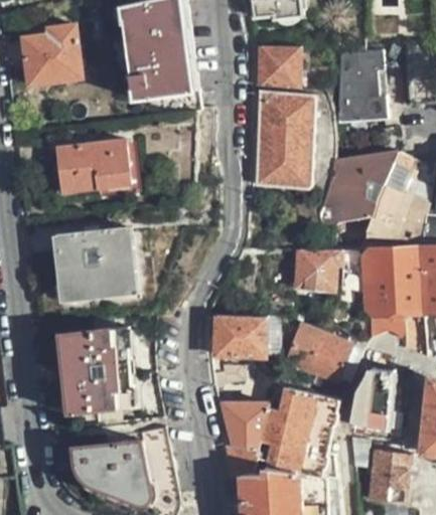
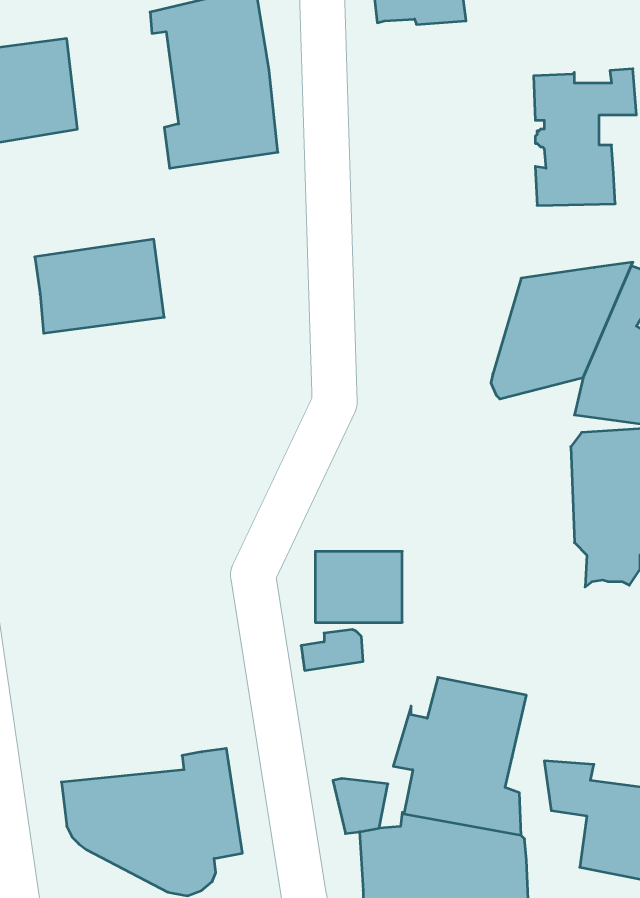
building: [256,46,299,89] -> none
building: [255,93,313,188] -> none
building: [58,229,132,299] -> none
building: [295,249,337,287] -> none
building: [284,325,355,380] -> none
building: [59,329,134,414] -> none
building: [350,367,391,425] -> none
building: [221,402,270,449] -> none

